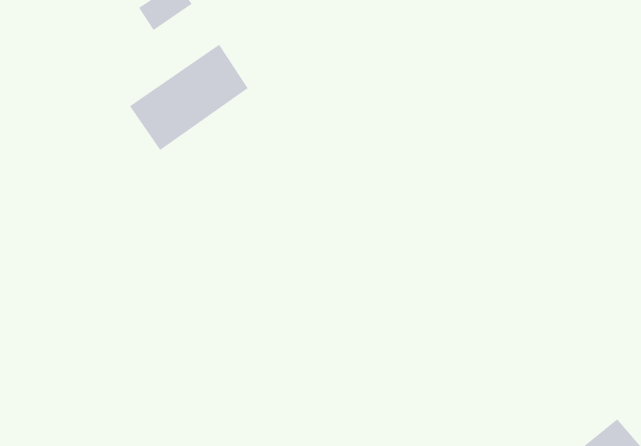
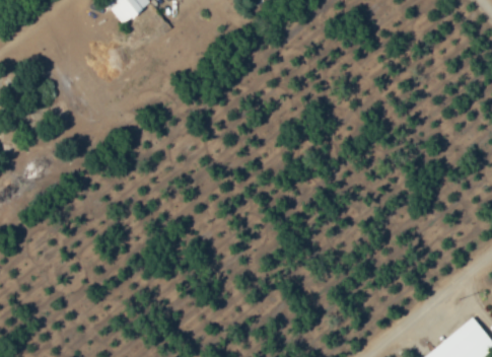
building: [129,44,249,151] -> none

